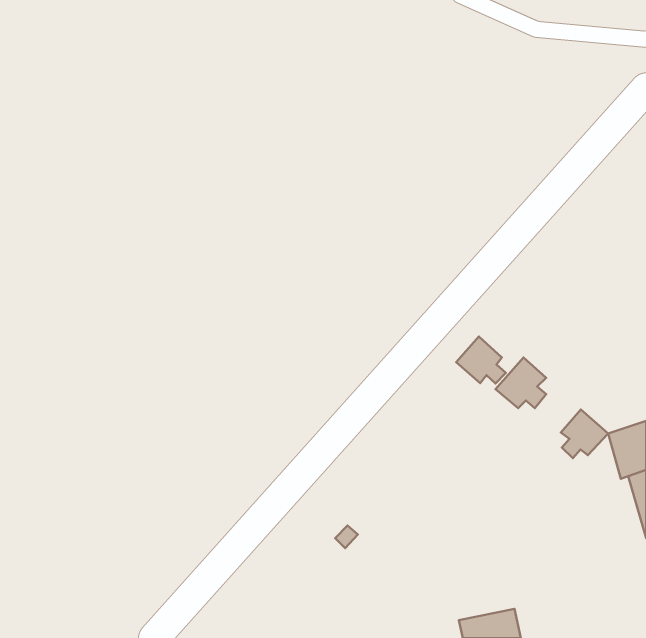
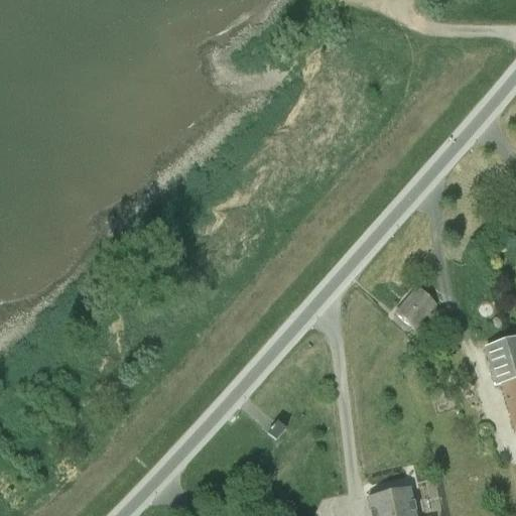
building: [456,337,506,383] -> none
building: [561,409,608,458] -> none

